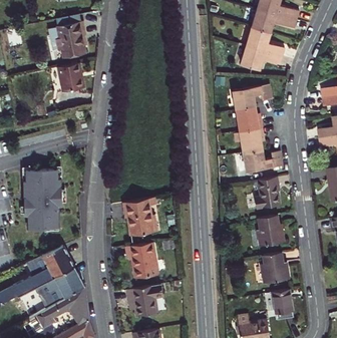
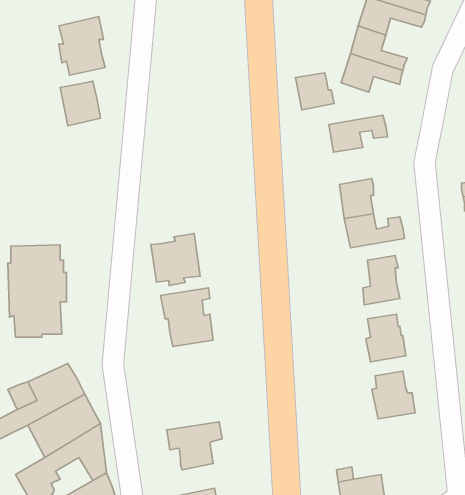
building: [235,106,260,130] -> [296,73,334,110]
building: none -> [151,233,200,286]
building: [125,243,157,278] -> none
building: [272,289,291,314] -> none

